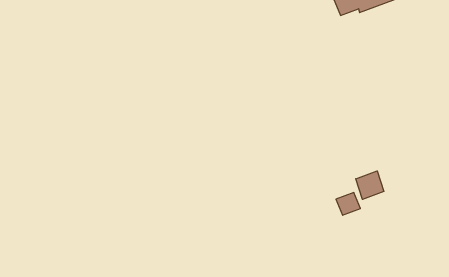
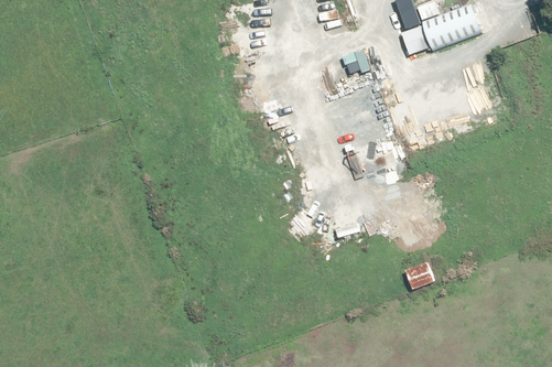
building: [356,171,384,199] -> none

